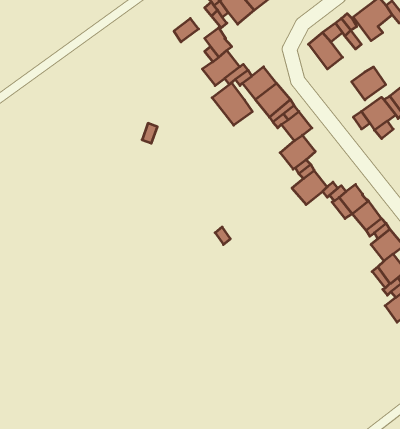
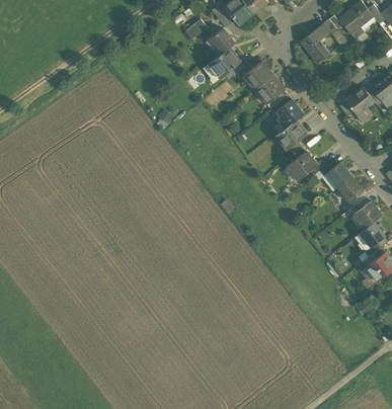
building: [352,67,386,100] -> none
building: [212,83,252,125] -> none

